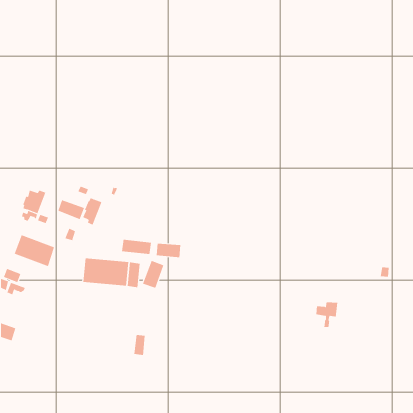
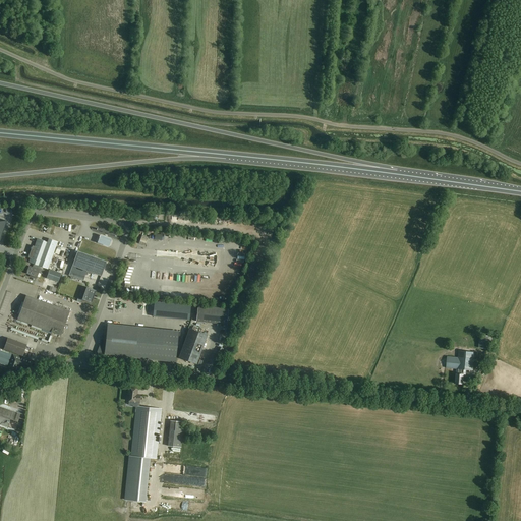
building: [82,197,102,226] -> none
building: [315,302,338,328] -> [446,351,474,384]
building: none -> [124,389,161,502]

